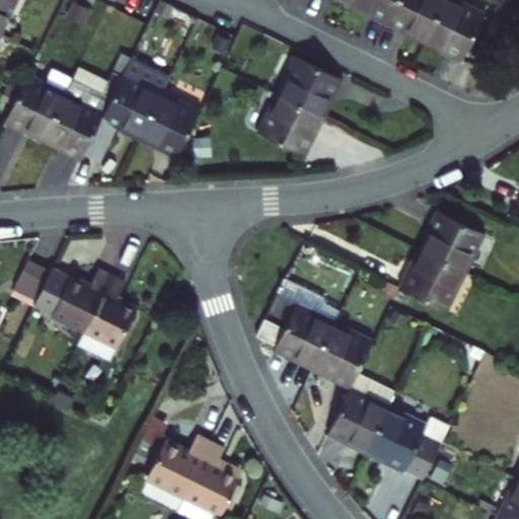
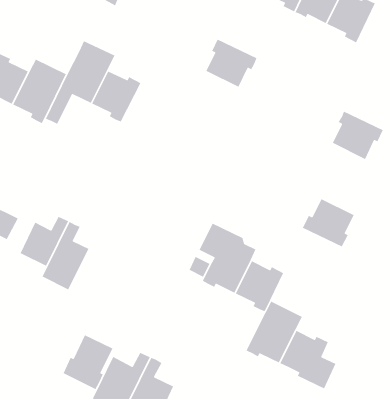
building: [255,97,319,157] -> none
building: [419,211,481,271] -> [332,111,384,160]
building: none -> [62,334,113,390]

